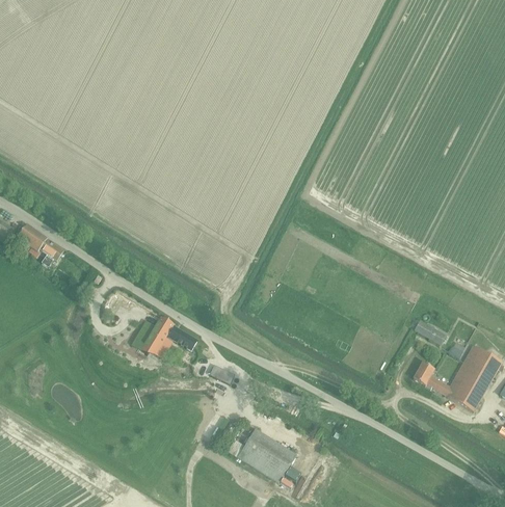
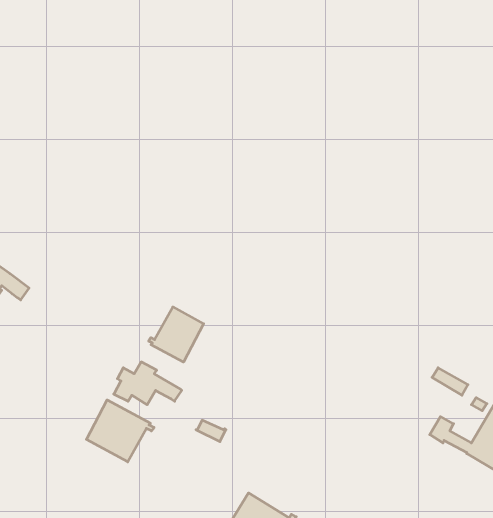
building: none -> [149,307,204,362]
building: none -> [86,400,154,462]

